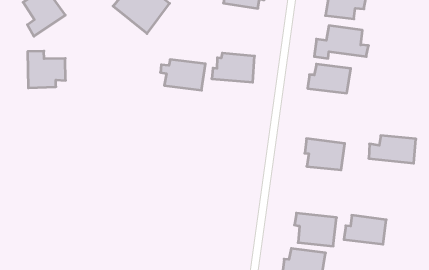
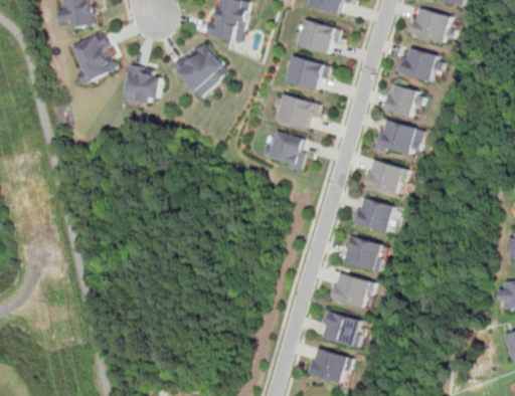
building: [28,51,66,88] -> [120,64,163,106]
building: [160,60,205,90] -> [269,94,317,132]
building: [369,136,416,163] -> [349,200,401,234]
building: [344,215,386,244] -> [325,271,372,307]

